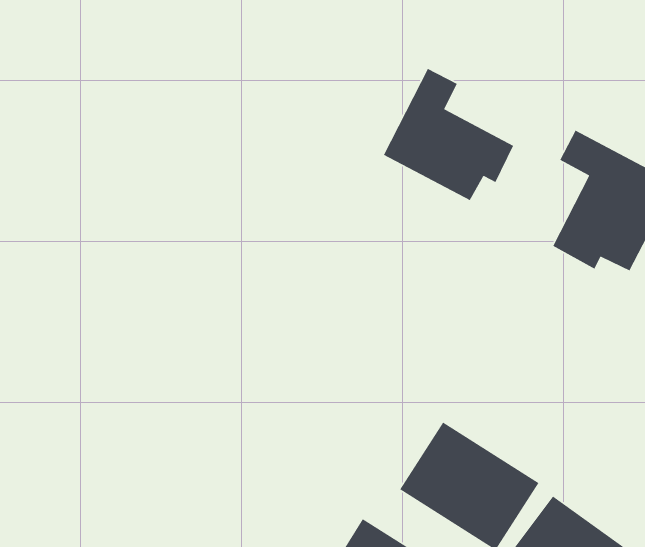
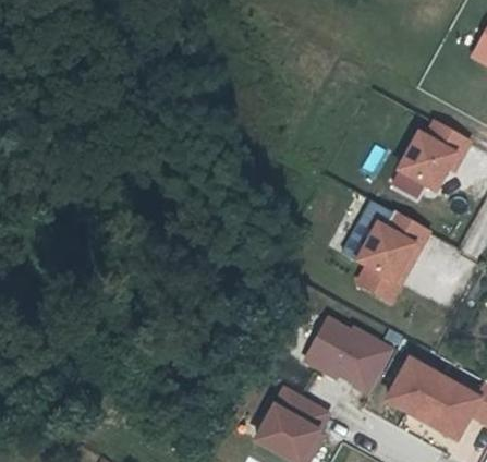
building: [383,68,514,201] -> none
building: none -> [346,205,435,304]

